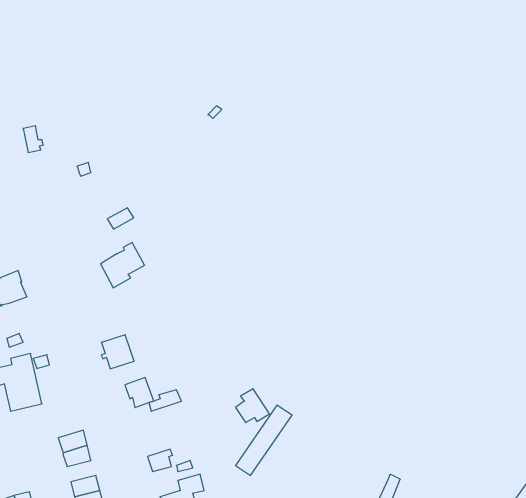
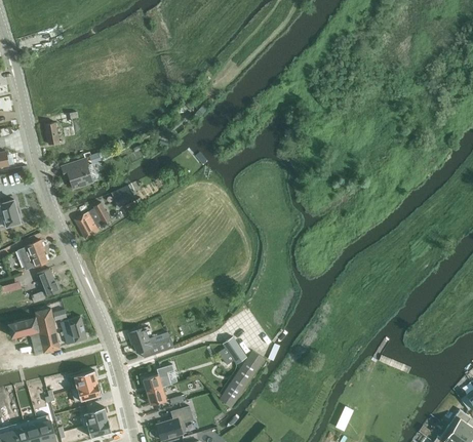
building: none -> [62,158,92,188]
building: [101,243,145,288] -> [75,202,111,239]
building: none -> [37,268,61,295]
building: [101,335,134,369] -> [61,316,87,344]
building: none -> [143,364,174,392]

